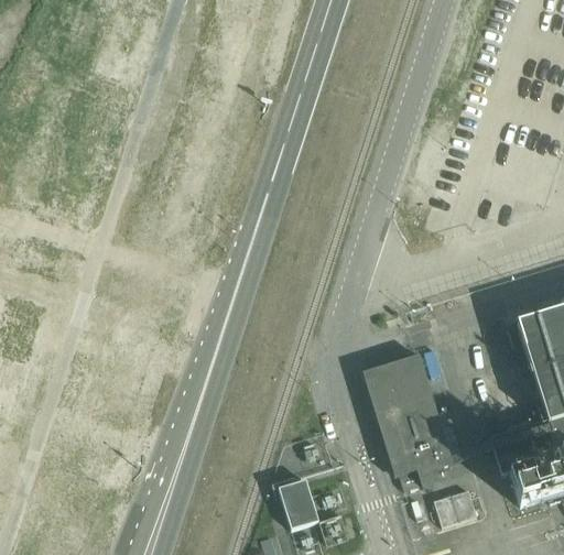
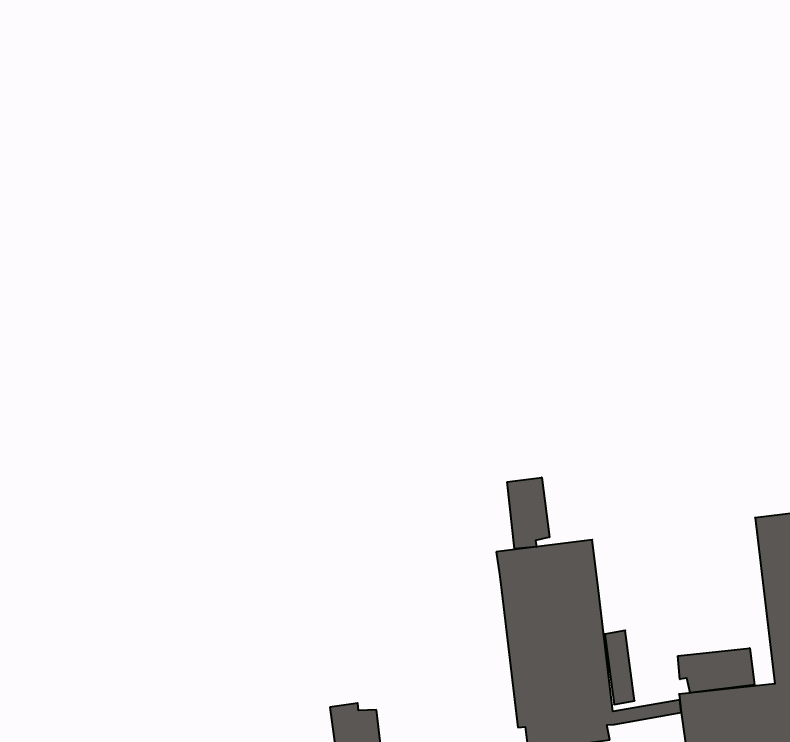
building: none -> [507,477,549,549]
building: none -> [678,648,755,693]

